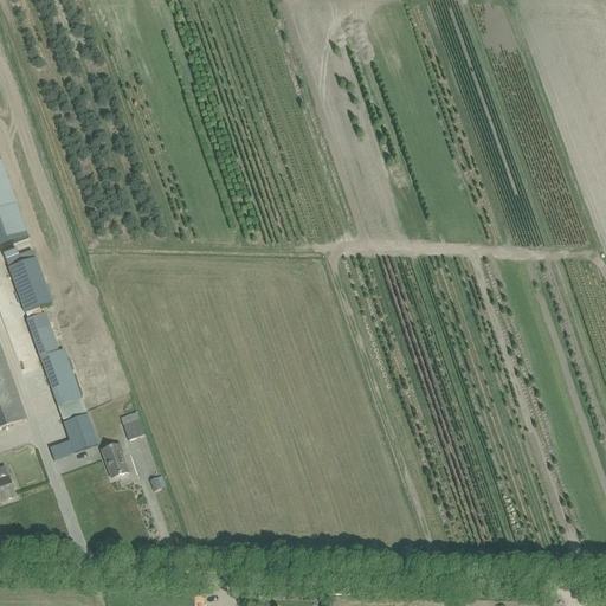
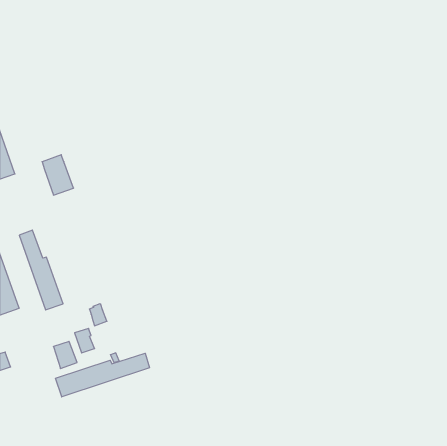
building: [8,256,51,310] -> [42,155,74,195]
building: [64,414,96,451] -> [53,341,77,369]
building: none -> [55,353,149,397]

